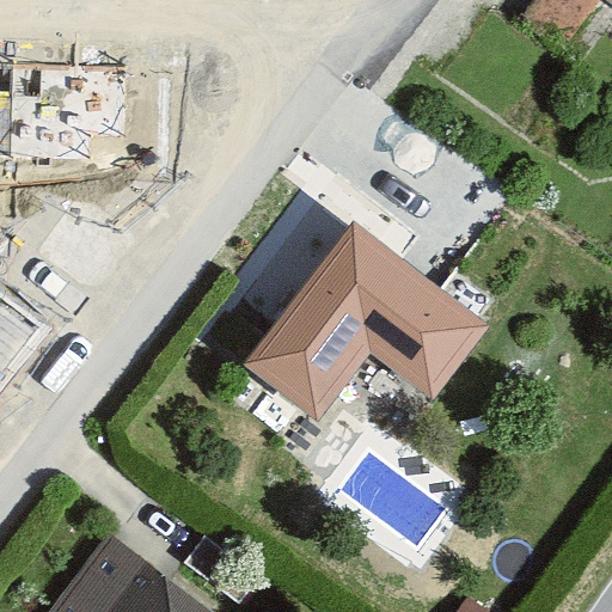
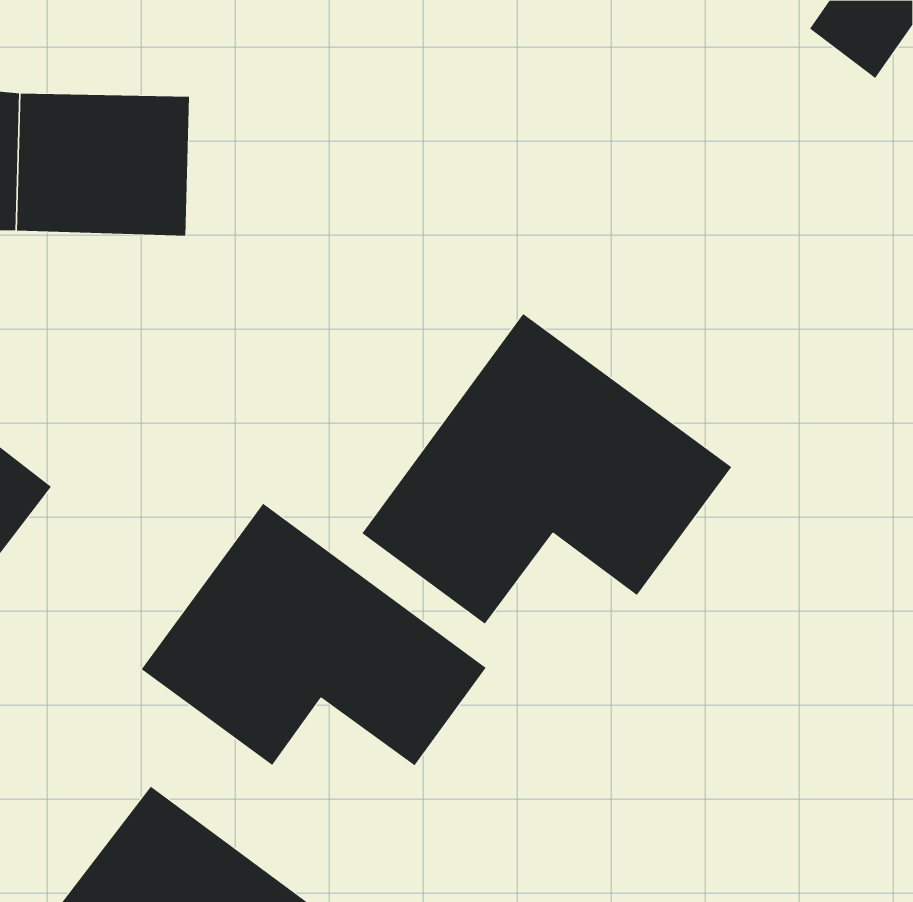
building: none -> [141,503,487,766]

